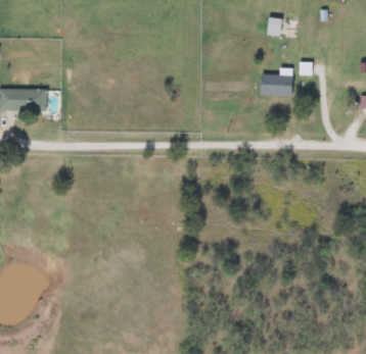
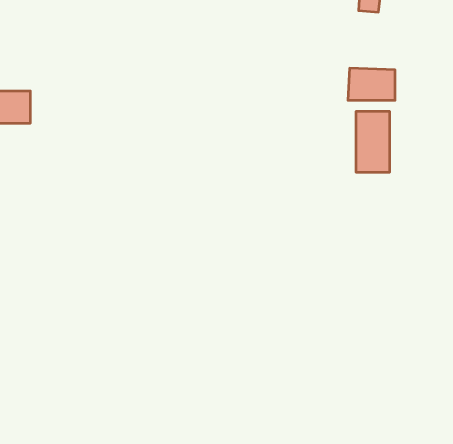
building: none -> [356,111,389,172]

